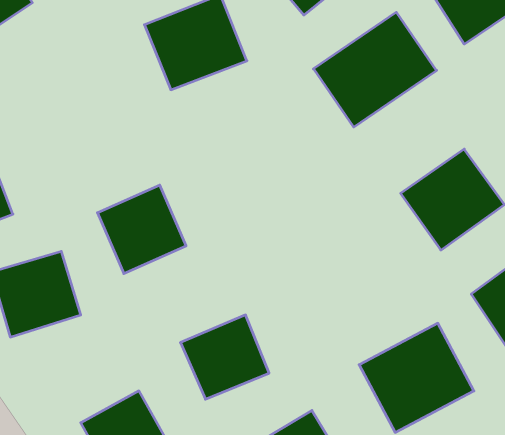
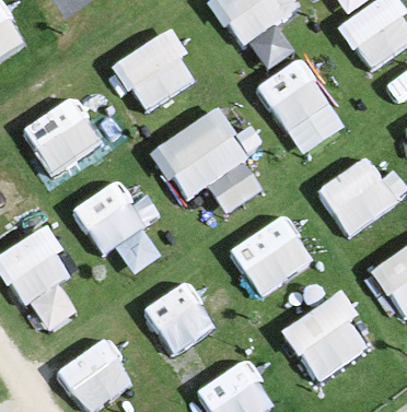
building: none -> [15,96,104,180]
building: none -> [152,110,251,203]
building: none -> [229,215,315,298]

